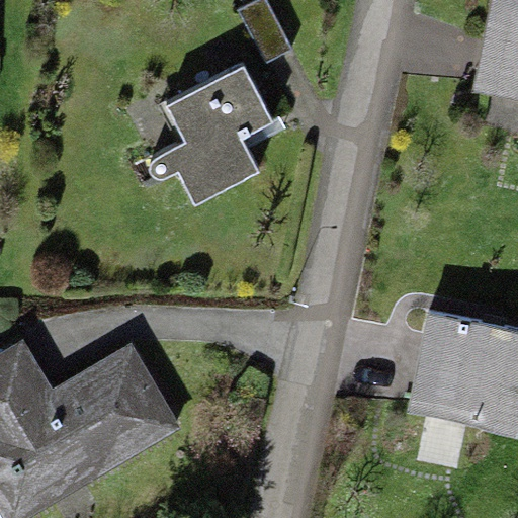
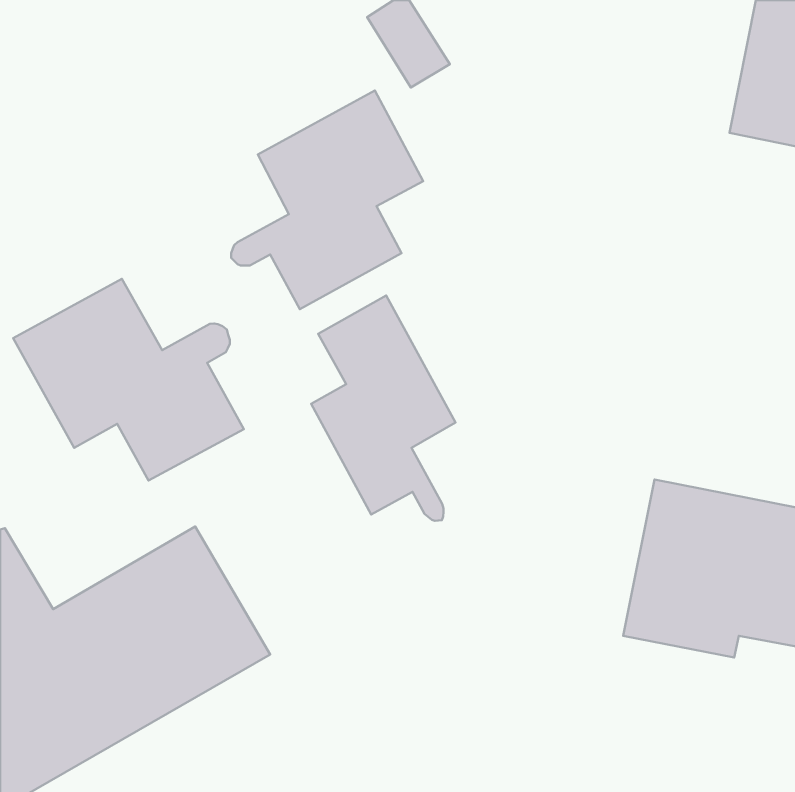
building: none -> [13,279,244,480]
building: none -> [311,295,456,521]

